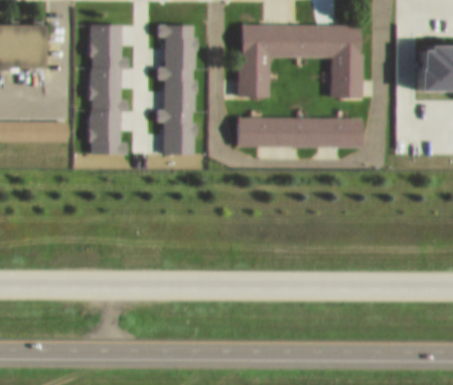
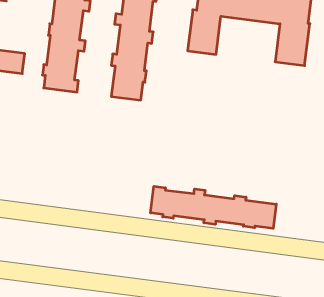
building: [237,117,360,145] -> none
building: none -> [151,186,276,228]

